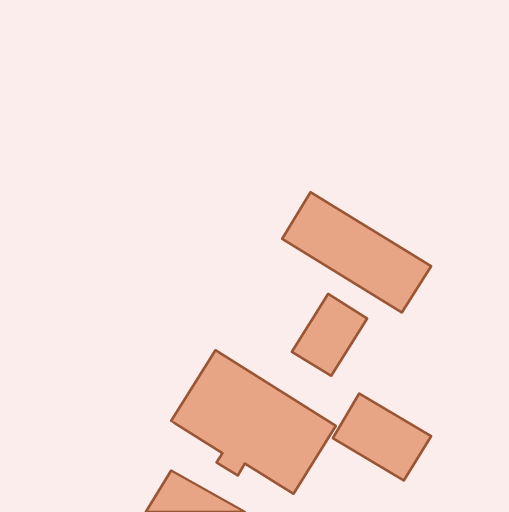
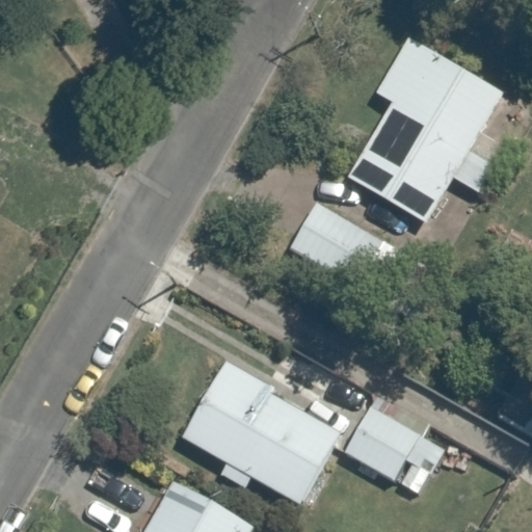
building: none -> [342,34,506,225]
building: [292,294,367,376] -> none

